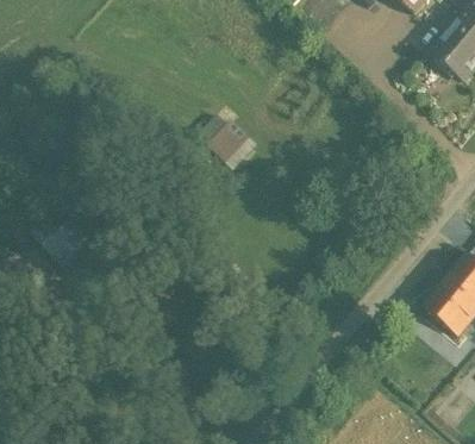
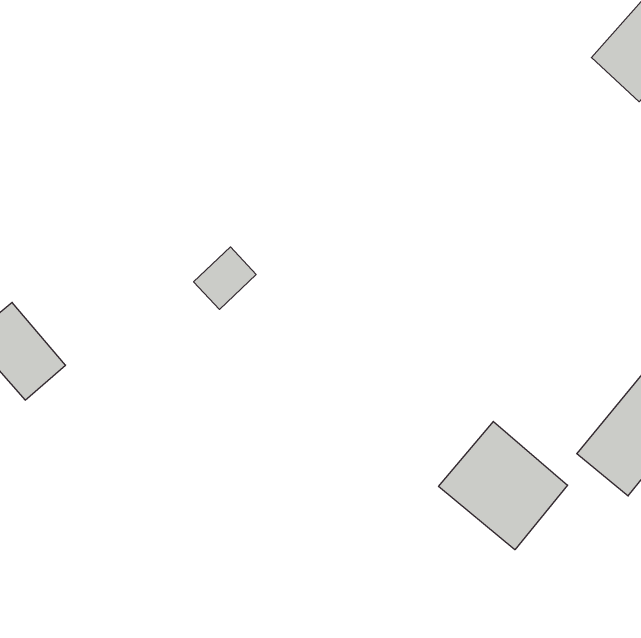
building: [205,119,245,160] -> [194,247,256,309]
building: none -> [439,421,568,550]

